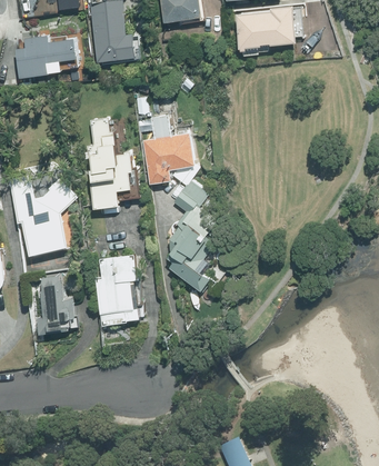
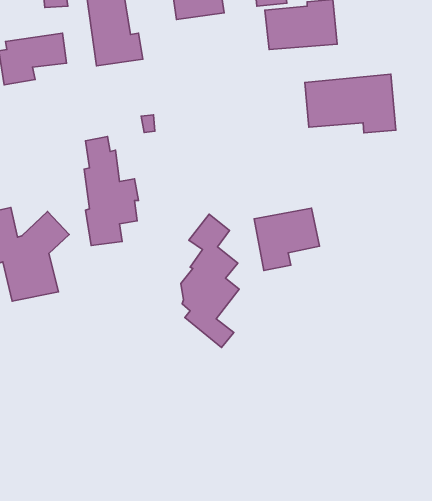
building: none -> [305,74,396,133]
building: [141,133,195,185] -> [254,208,320,271]
building: [94,256,139,325] -> none
building: [37,276,78,335] -> none

